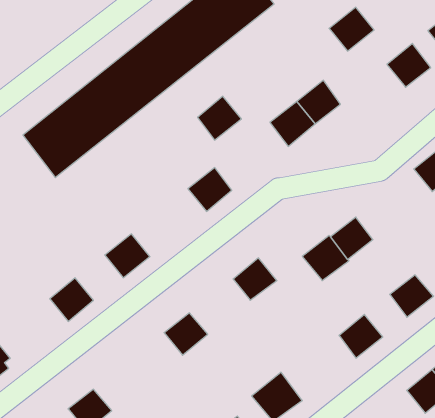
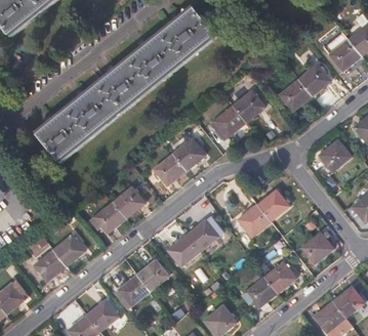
building: [329,7,374,51] -> [279,79,312,111]
building: [198,96,241,140] -> [173,138,205,170]
building: none -> [113,186,145,218]
building: none -> [167,235,199,265]
building: none -> [34,249,67,281]
building: none -> [117,274,150,305]
building: none -> [240,276,276,308]
building: none -> [85,299,118,330]

